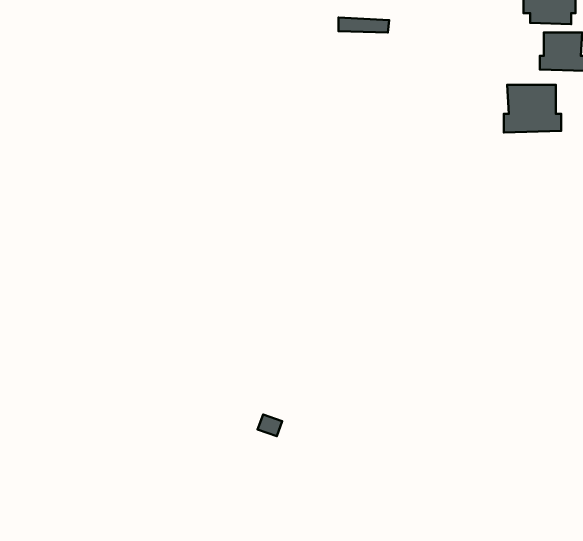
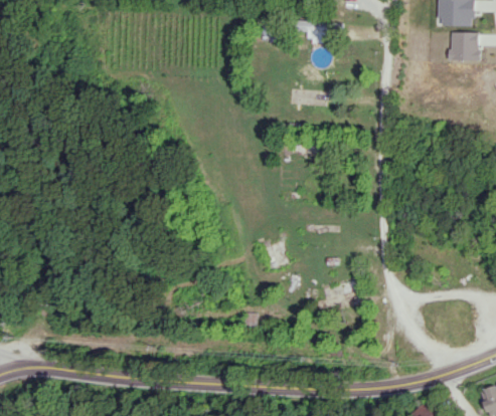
building: [504,85,561,132] -> none

